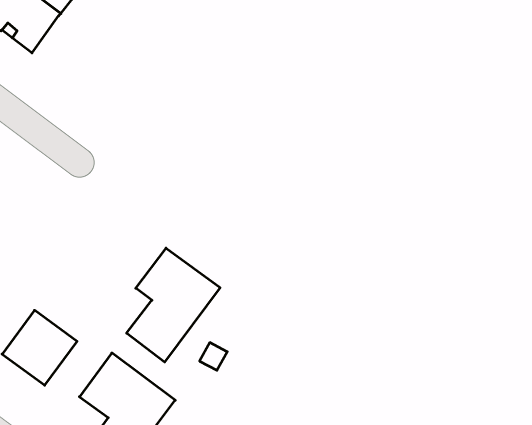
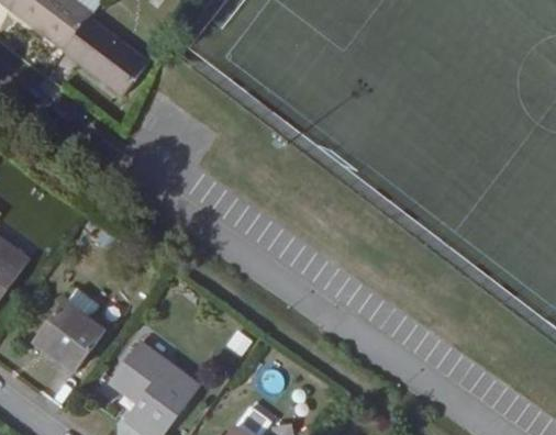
building: none -> [59,20,147,102]
building: [127,248,220,362] -> none

